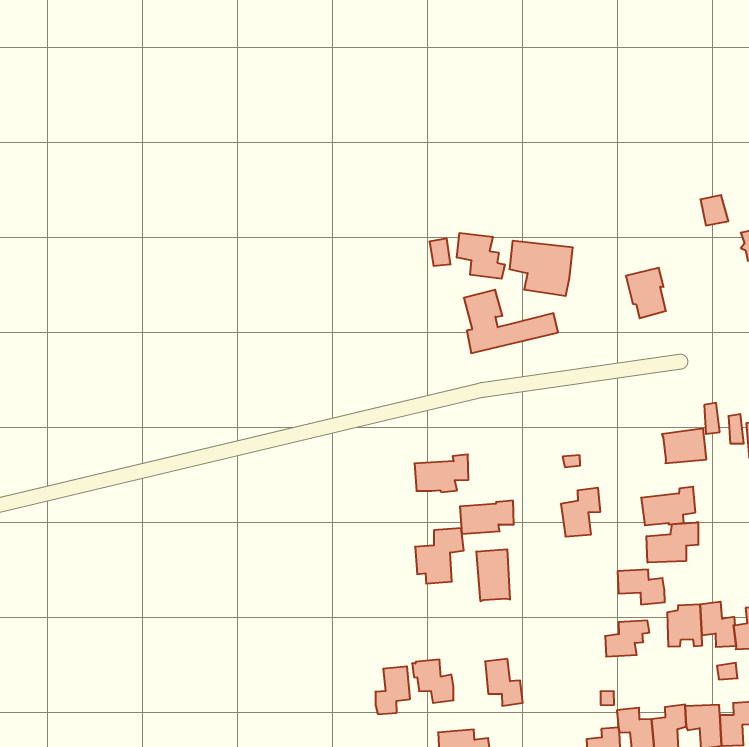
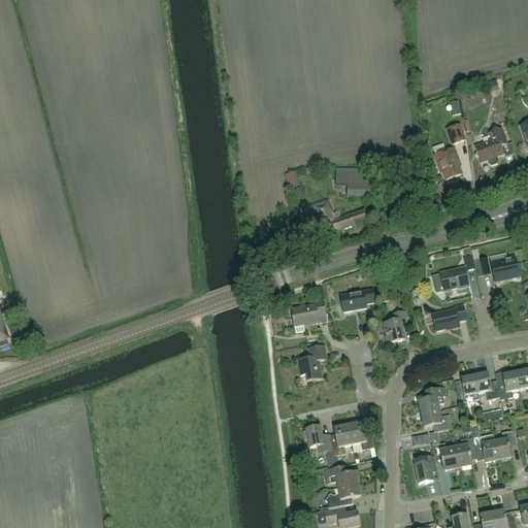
building: [457,233,505,279] -> none
building: [626,268,666,318] -> [434,147,461,179]
building: [460,501,514,534] -> [340,288,374,311]
building: [647,522,698,563] -> none
building: [476,549,510,601] -> none
building: [618,570,665,604] -> [421,409,452,431]
building: [375,666,410,714] -> [330,424,352,455]

